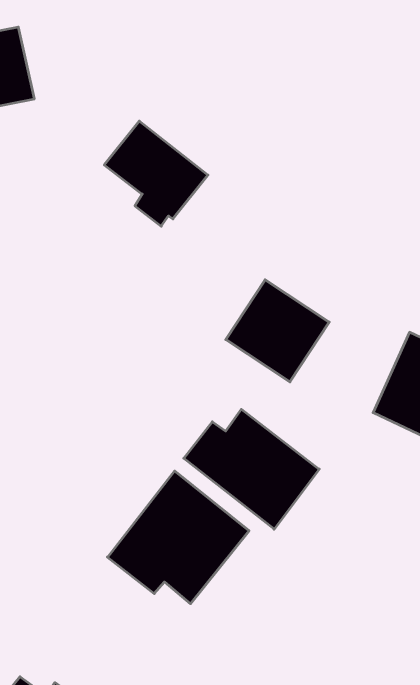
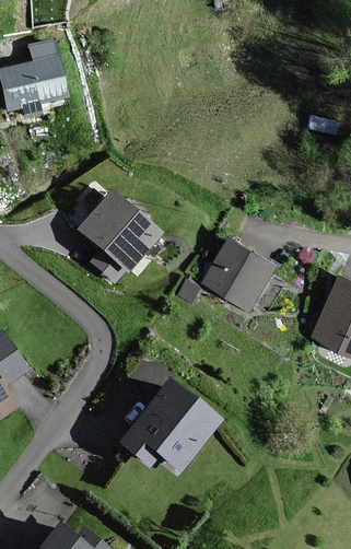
building: [104,121,208,226] -> [73,199,151,278]
building: [184,409,319,529] -> none

